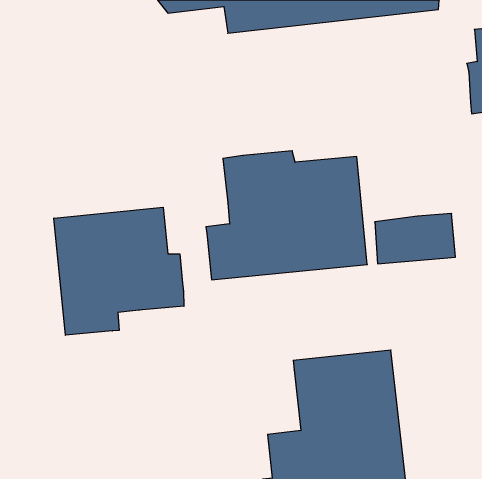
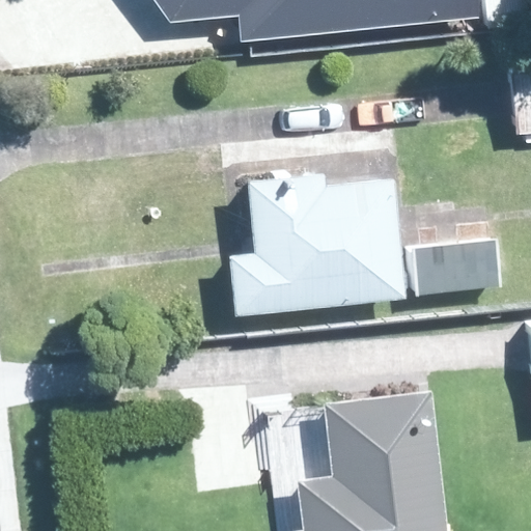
building: [54,207,184,335] -> none

